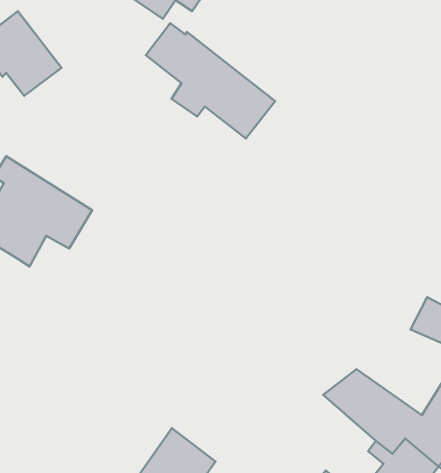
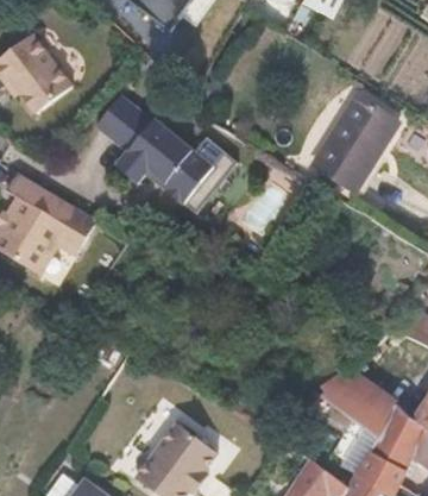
building: [146,23,275,138] -> [96,98,216,205]
building: none -> [315,94,403,193]

